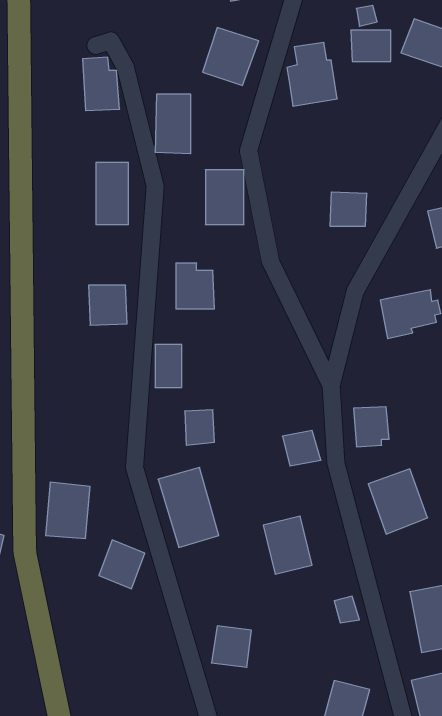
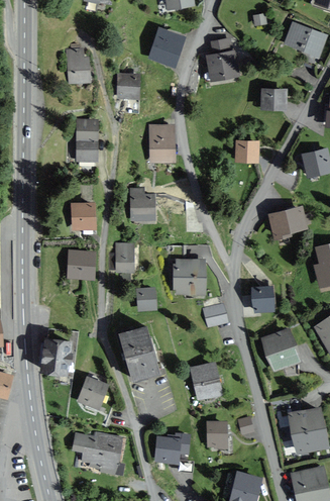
building: [351,30,391,61] -> [259,88,287,109]
building: none -> [67,249,95,279]
building: none -> [172,259,205,295]
building: none -> [206,420,228,446]
building: none -> [72,431,121,473]

